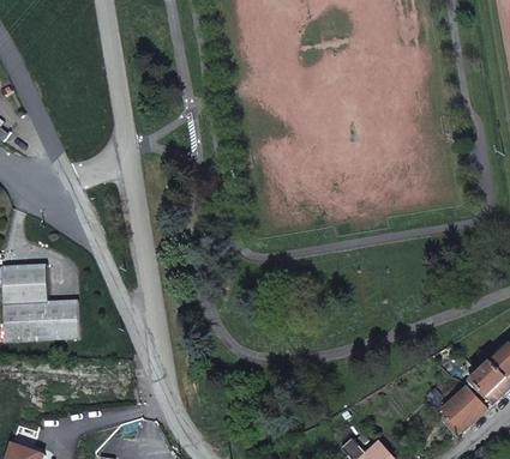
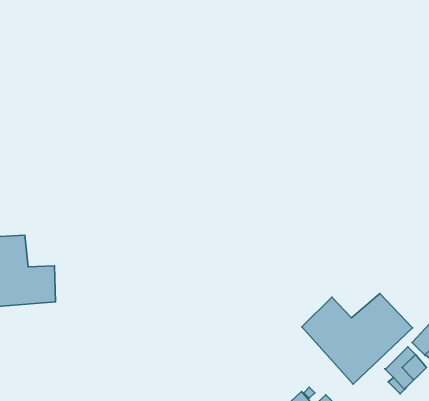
building: none -> [302,293,412,384]

